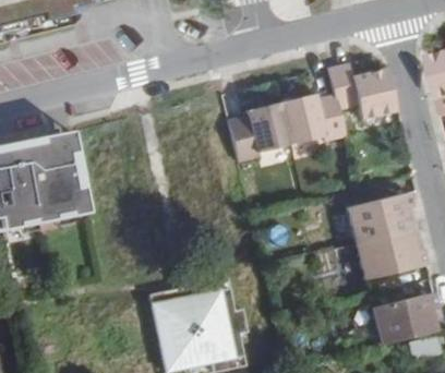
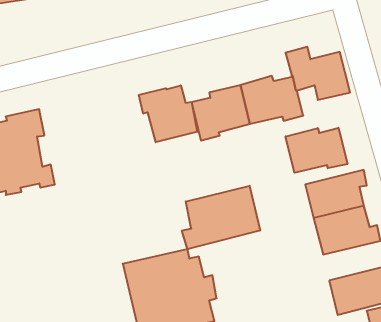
building: none -> [139,85,197,142]
building: none -> [286,128,347,173]
building: none -> [182,186,260,249]

